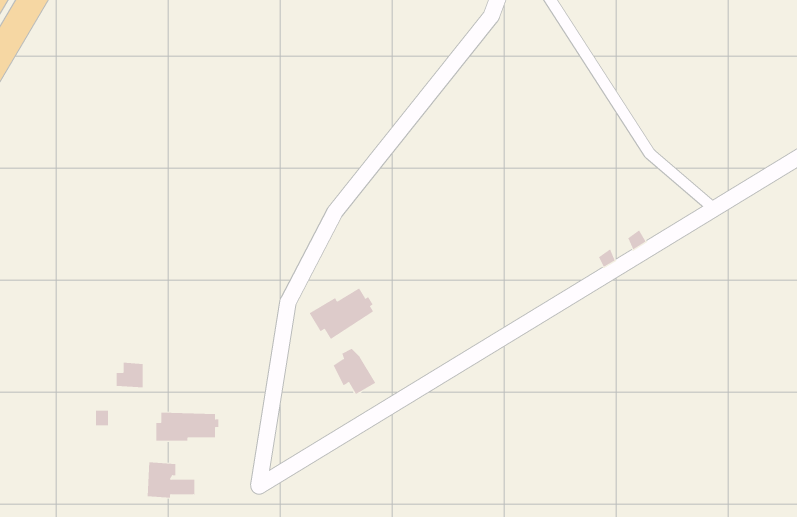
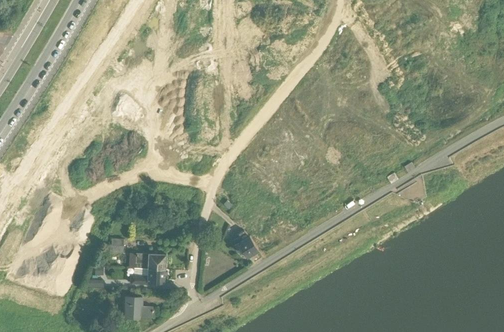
building: [309,287,374,340] -> none
building: none -> [127,252,165,268]

